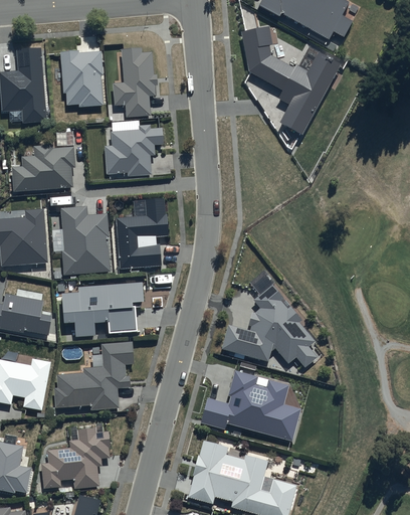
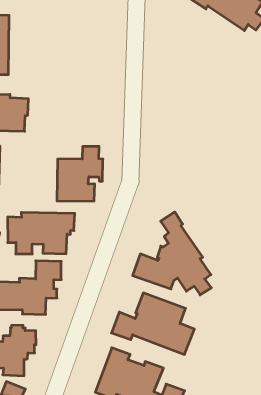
building: [240,25,341,136] -> none
building: [112,47,157,117] -> none
building: [60,50,102,107] -> none
building: [105,125,164,176] -> none
building: [59,205,110,274] -> none

